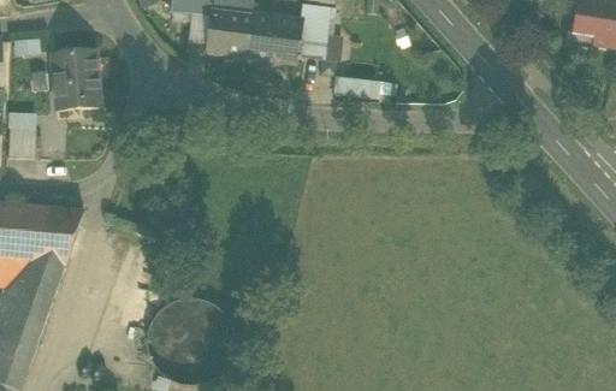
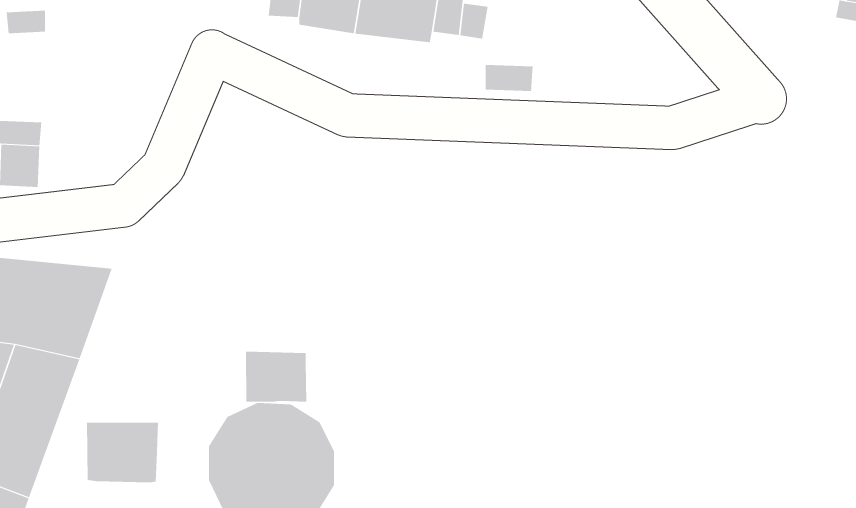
building: [57,48,101,107] -> none
building: none -> [245,351,307,402]
building: none -> [87,422,158,483]

